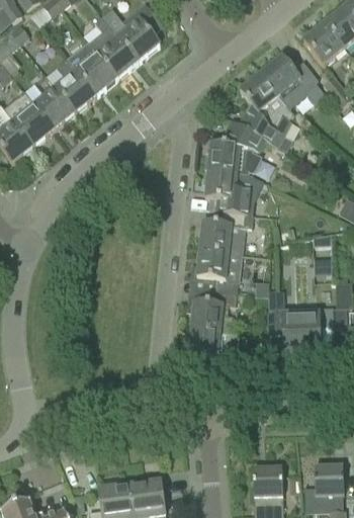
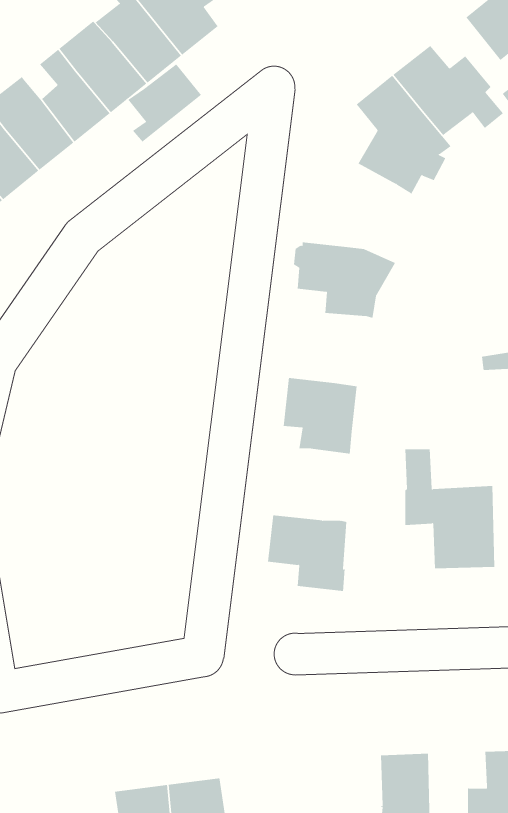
building: none -> [127,64,202,143]
building: [205,118,267,173] -> none
building: [200,209,253,253] -> none
building: [191,289,237,331] -> none

